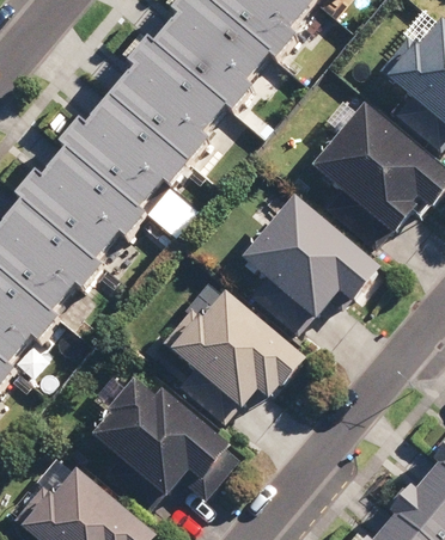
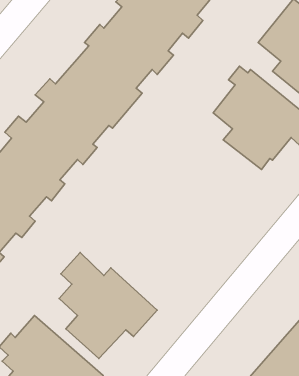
building: [237,180,382,333] -> none
building: [158,275,306,419] -> none

